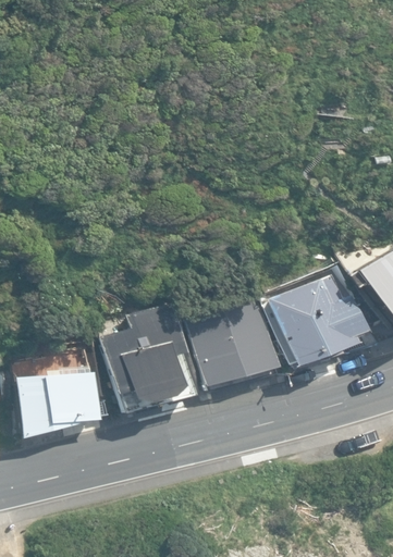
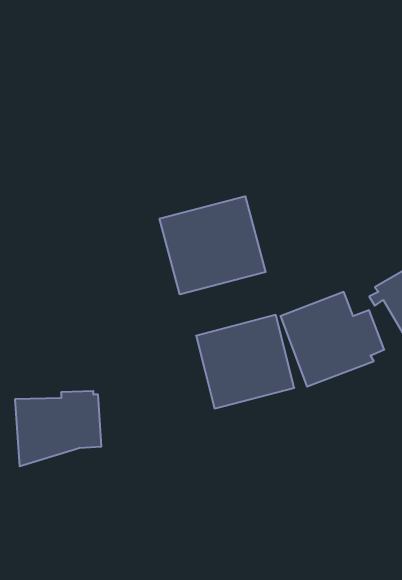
building: none -> [160,196,266,294]
building: [99,300,194,412] -> none

